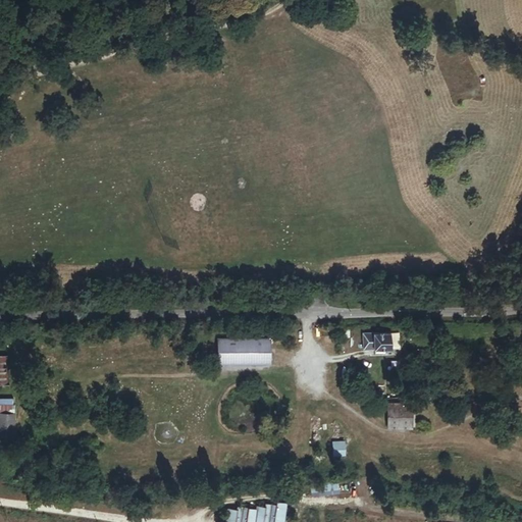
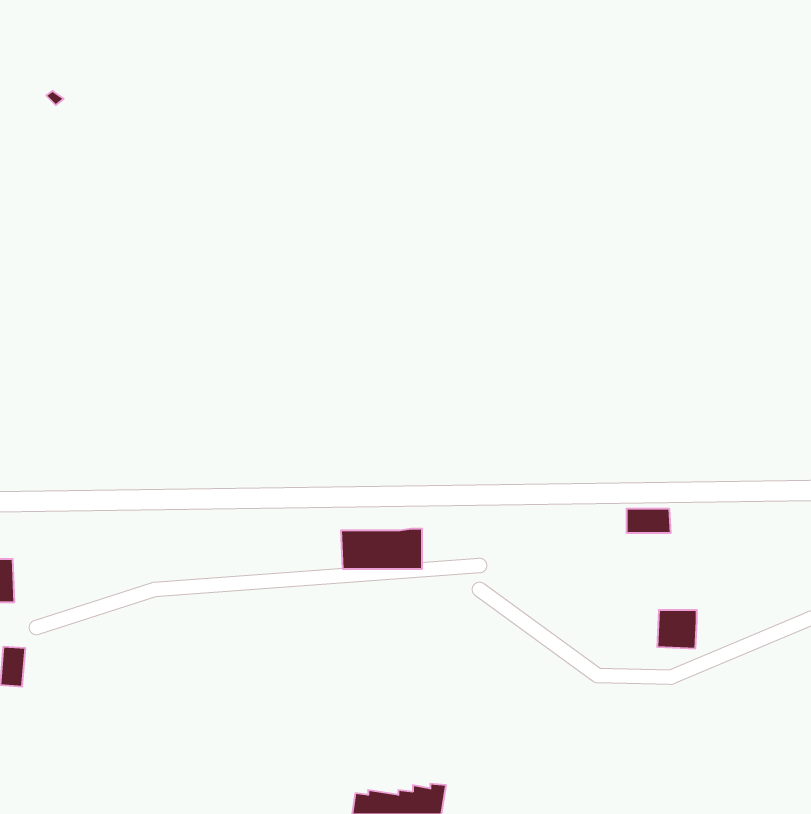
building: [363,333,392,349] -> [626,509,671,533]
building: [386,405,412,429] -> [657,610,697,648]

